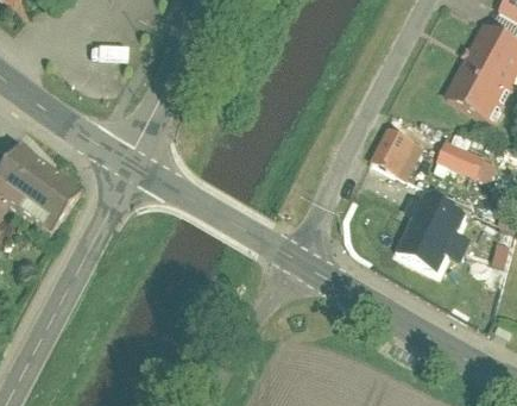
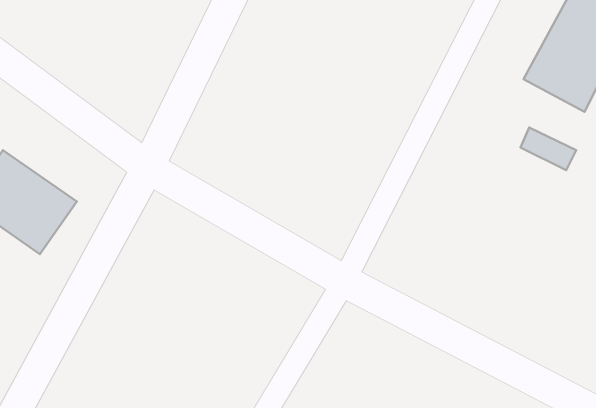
building: [368,121,420,182] -> none
building: [398,194,471,273] -> none

